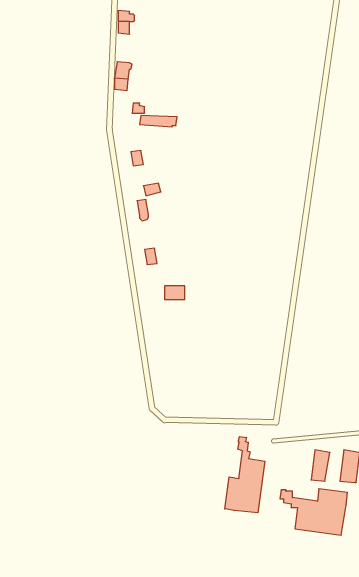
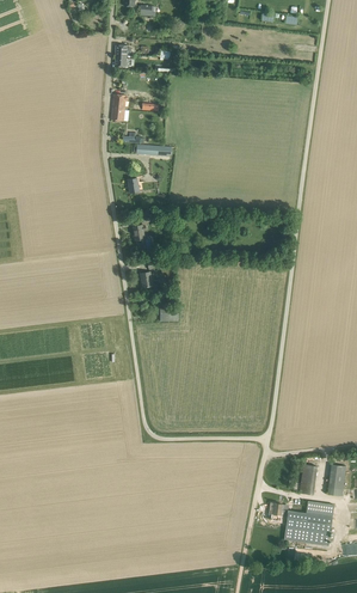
building: [225,437,265,513] -> none

